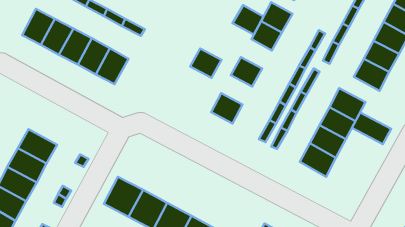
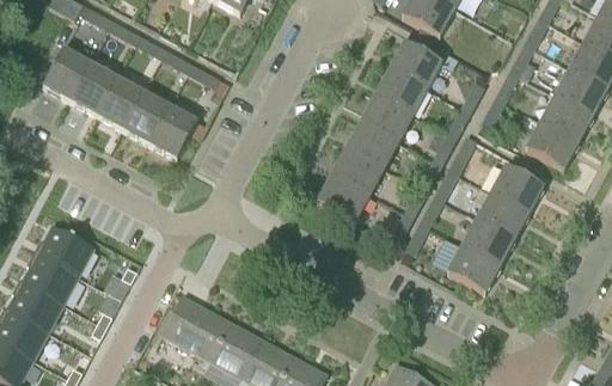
building: [233,5,264,35] -> [362,92,408,135]
building: [190,48,221,78] -> [333,145,379,188]
building: [352,112,391,144] -> none

